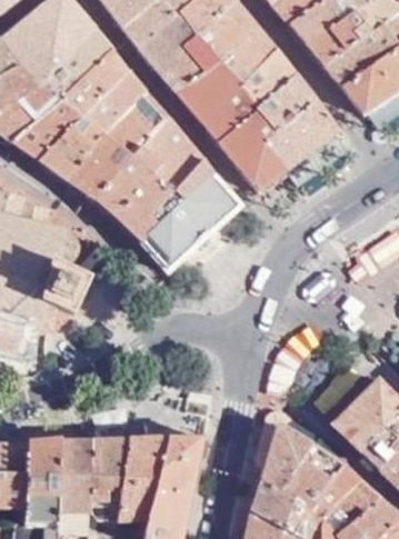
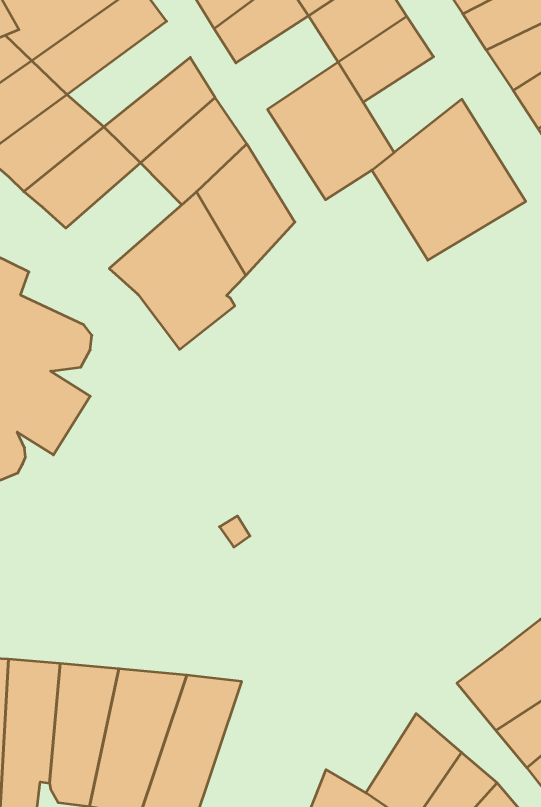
building: [154,33,216,92] -> none
building: [56,47,127,114] -> none
building: [233,49,292,109] -> none
building: [218,121,283,191] -> none
building: [64,133,132,199] -> none
building: [141,162,240,270] -> none
building: [259,425,309,495] -> none

